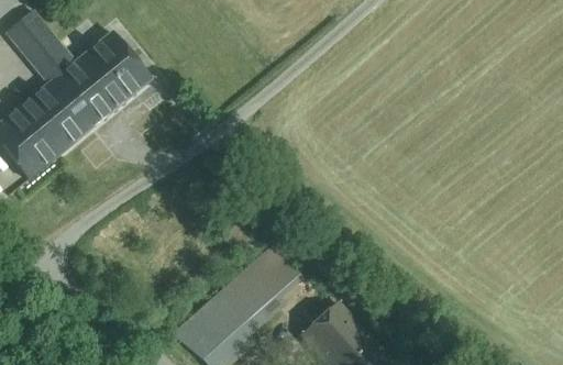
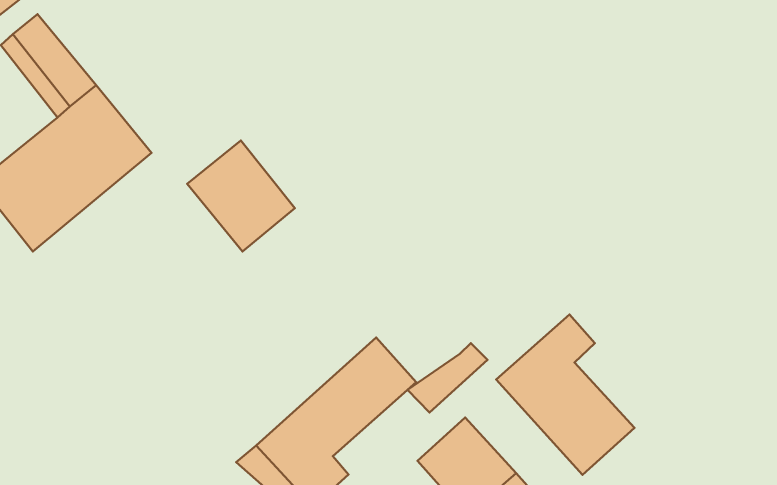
building: [74,31,151,110] -> [187,141,295,251]
building: none -> [496,314,634,475]
building: none -> [408,343,488,412]

